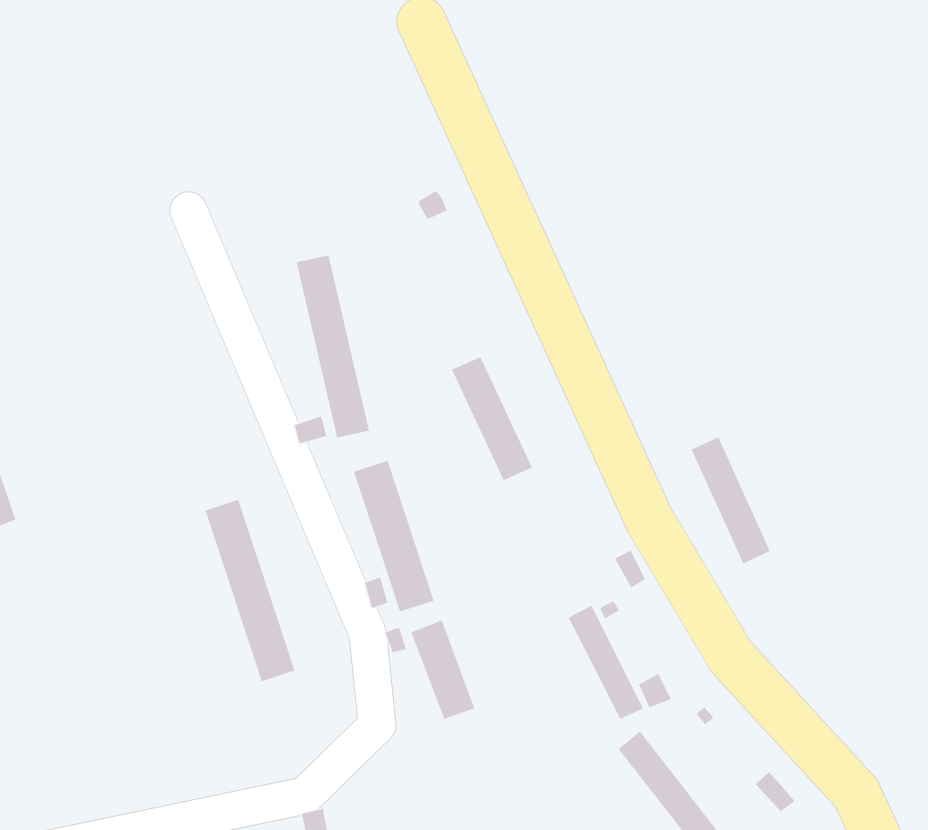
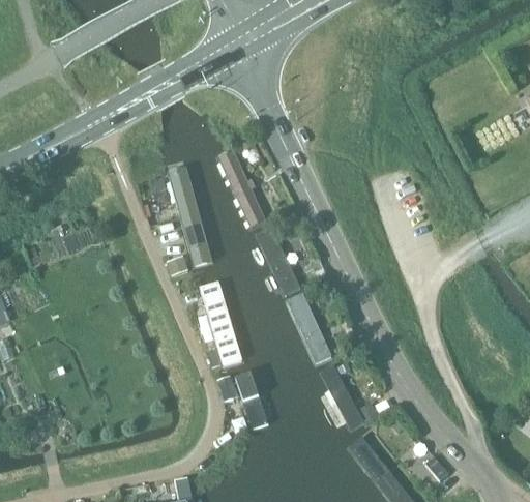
building: none -> [218,149,265,226]
building: [691,436,771,564] -> [287,292,331,363]
building: [205,499,295,682] -> none

